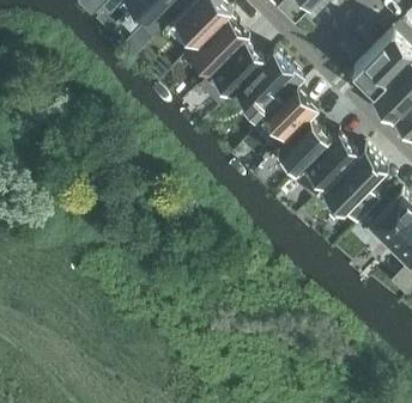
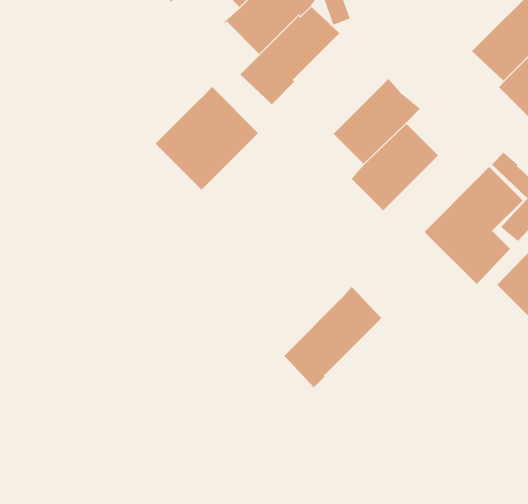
building: [232,49,302,118] -> [155,86,259,191]
building: [291,129,357,197] -> [283,286,382,388]

